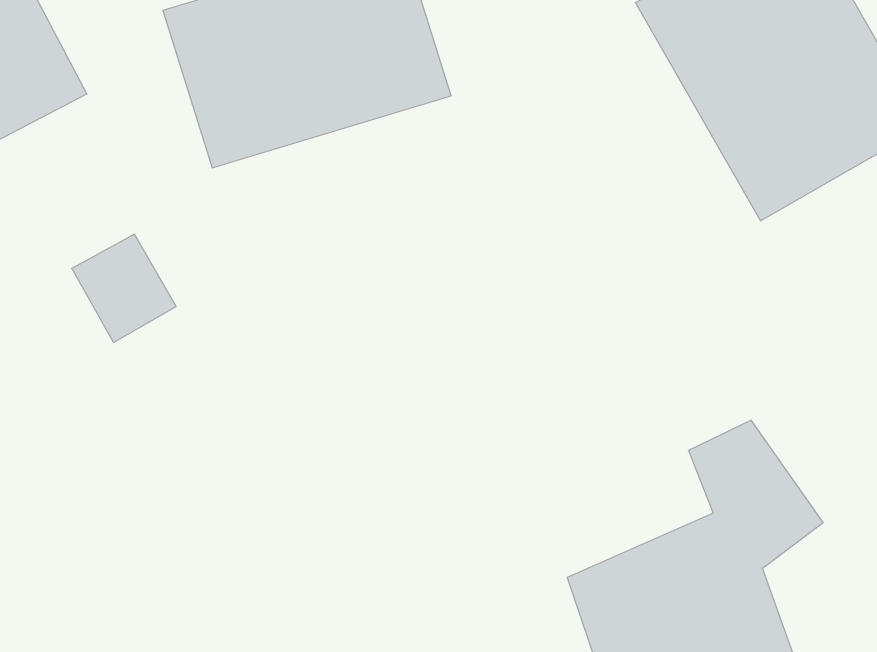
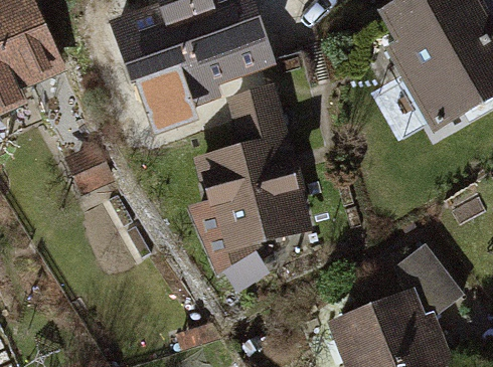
building: none -> [189,87,314,255]

